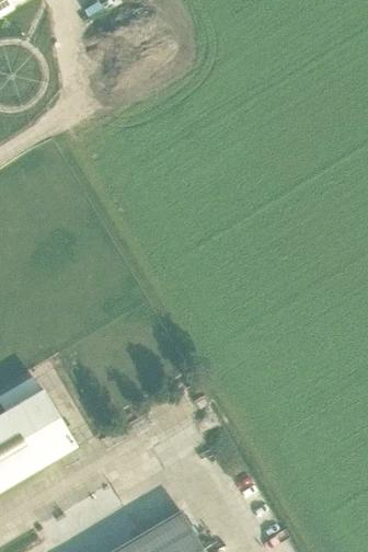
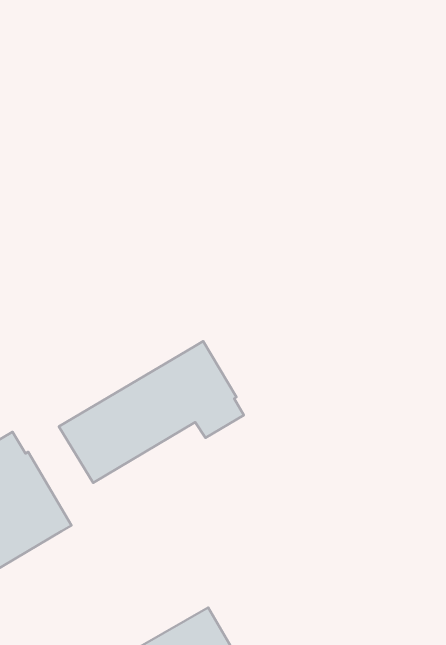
building: none -> [59,341,244,483]

